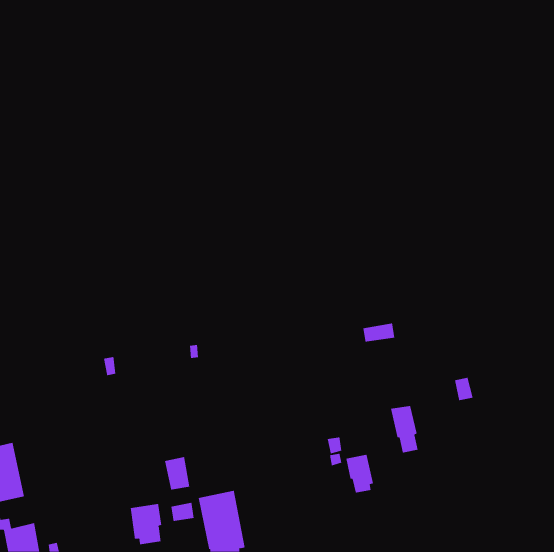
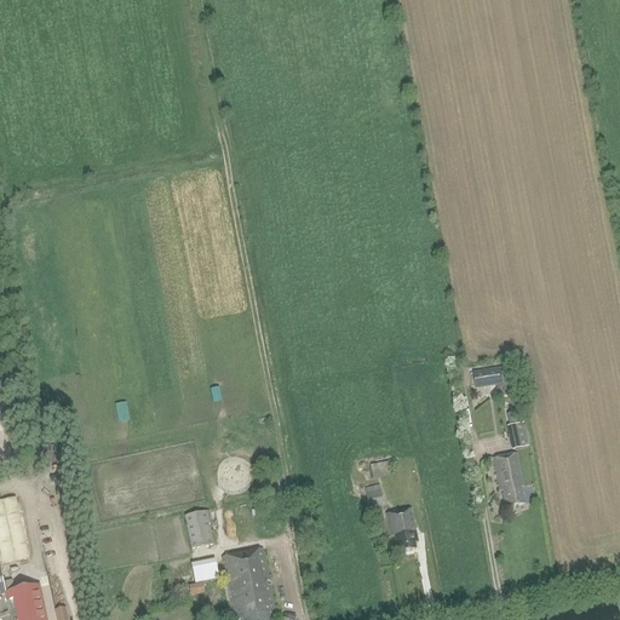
building: [363,323,395,342] -> [471,364,507,386]
building: [390,405,419,453] -> [492,452,523,505]
building: [130,503,162,545] -> none

